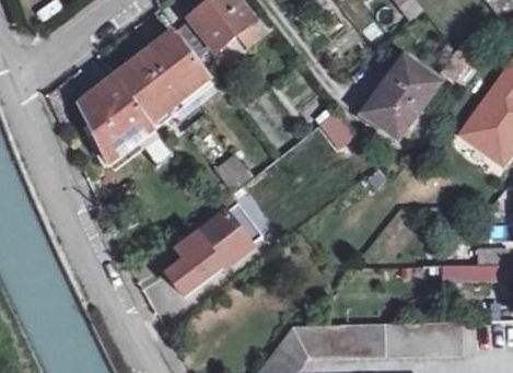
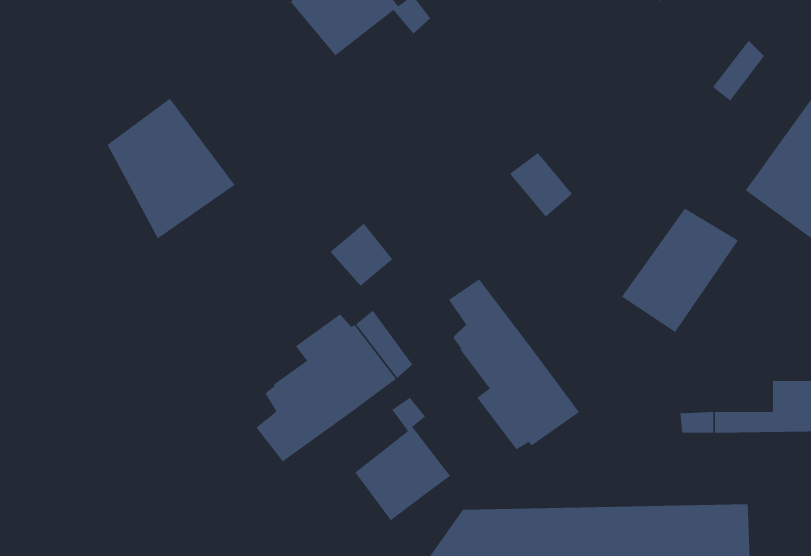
building: [115,31,209,129] -> none
building: [366,59,438,135] -> [621,208,739,333]
building: none -> [448,278,580,450]
building: none -> [355,397,451,521]

